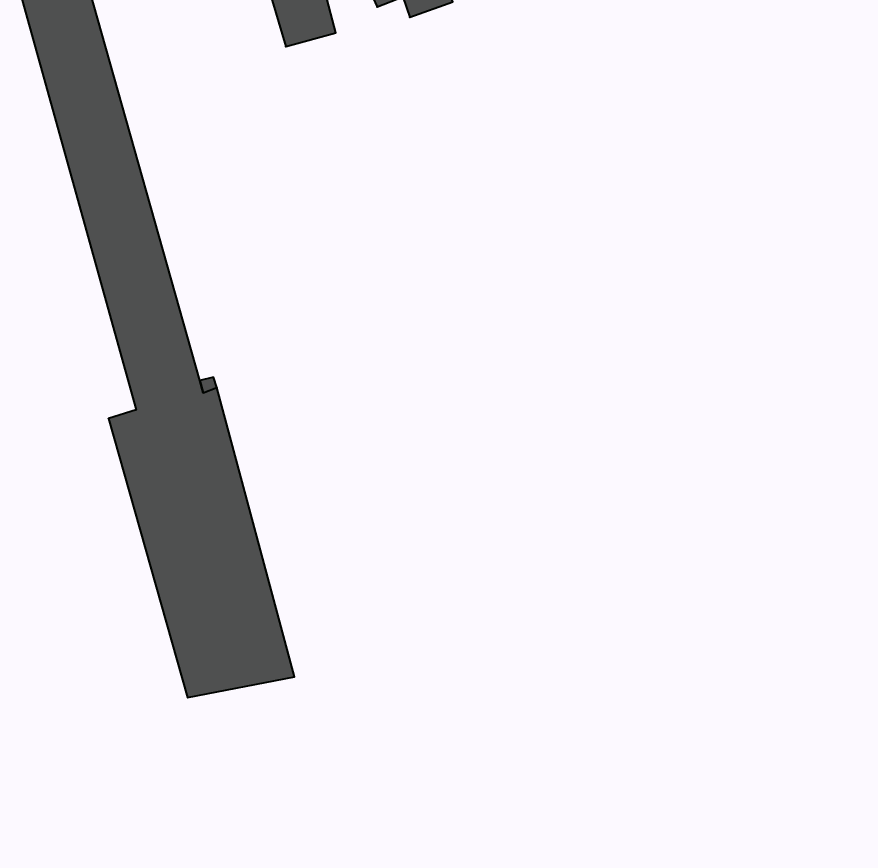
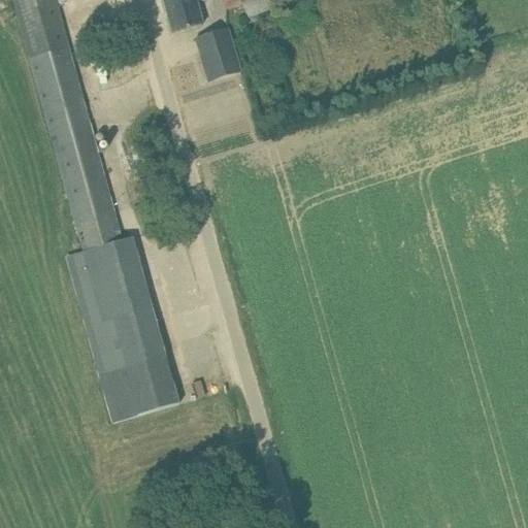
building: none -> [194,24,240,77]

